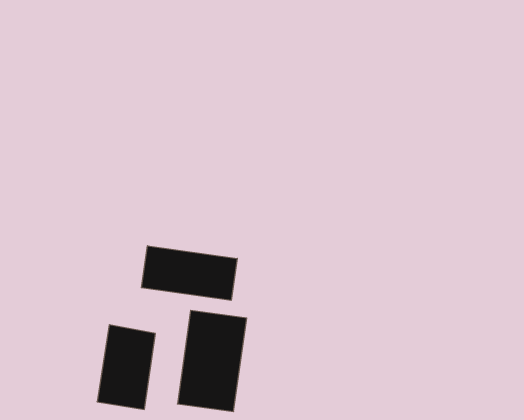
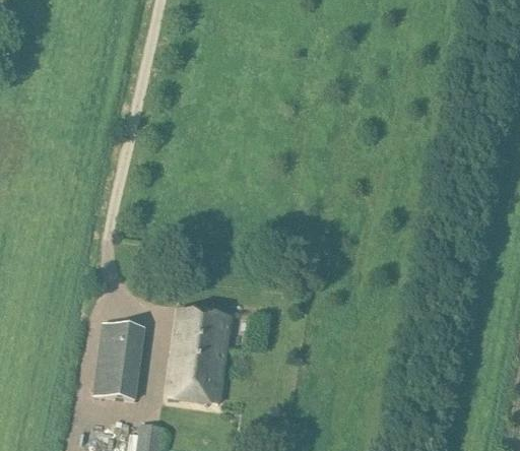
building: [141,246,237,300] -> none

